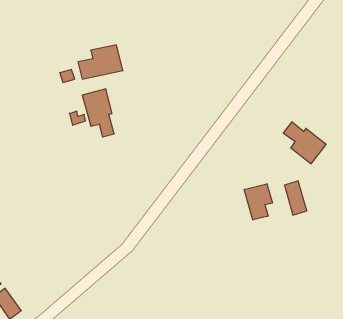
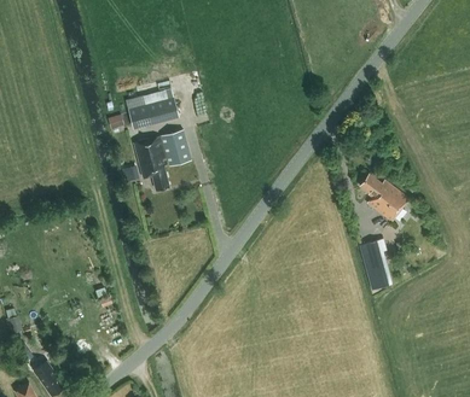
building: none -> [161,130,191,167]
building: [244,184,272,220] -> none

